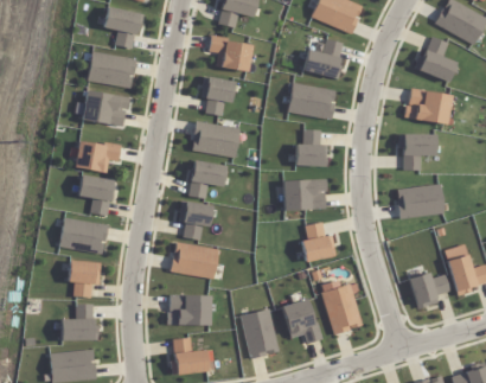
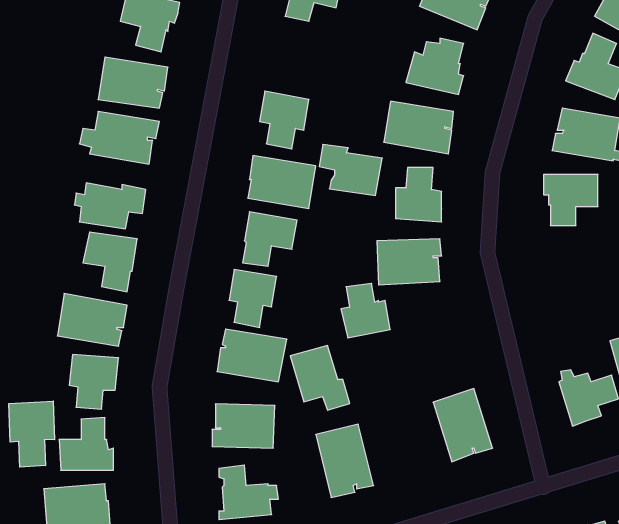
building: [209,36,252,71] -> [319,144,382,195]
building: [396,184,445,218] -> none
building: [301,223,335,261] -> [341,283,390,338]
building: none -> [9,401,55,467]
building: [281,299,322,344] -> [290,346,350,410]

